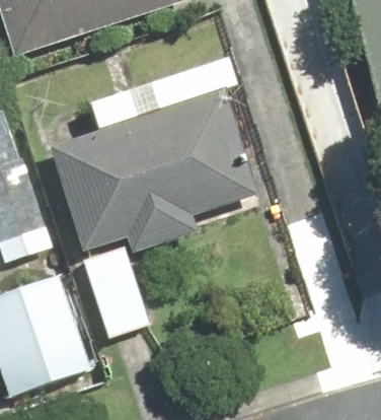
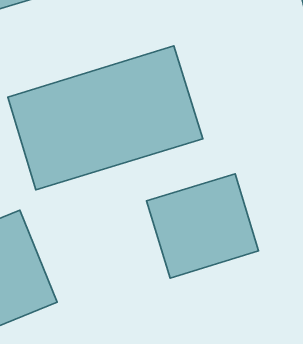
building: none -> [147,174,259,278]

